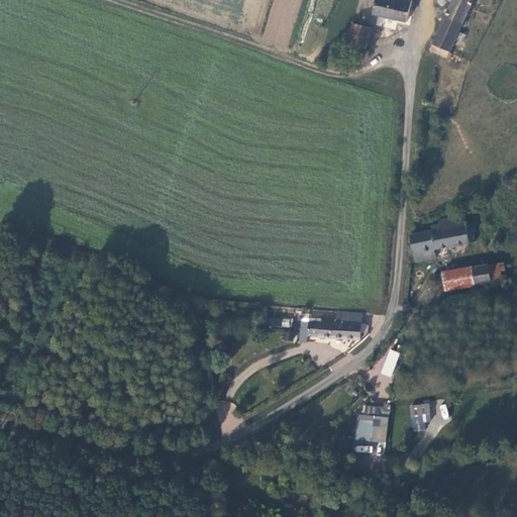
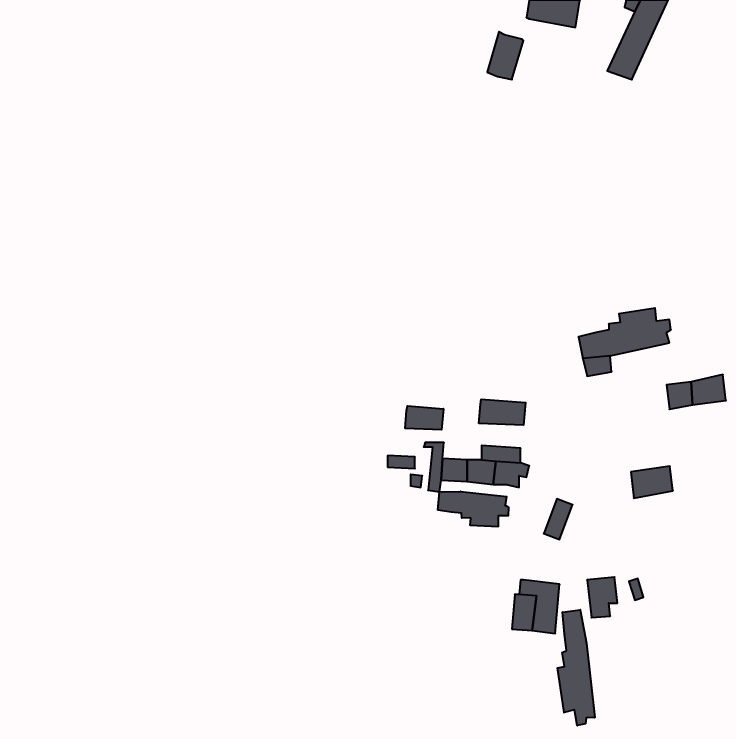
building: [440,269,470,291] -> [631,466,673,498]
building: none -> [479,399,526,425]
building: none -> [405,406,443,430]
building: none -> [438,491,509,527]
building: none -> [557,610,595,726]

